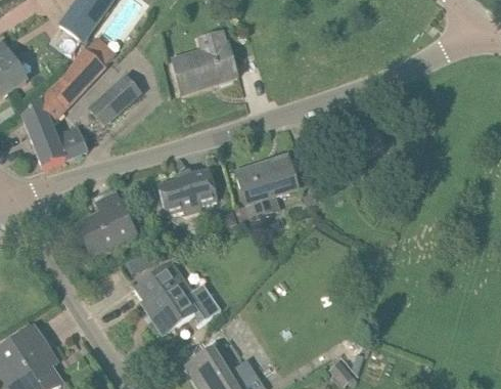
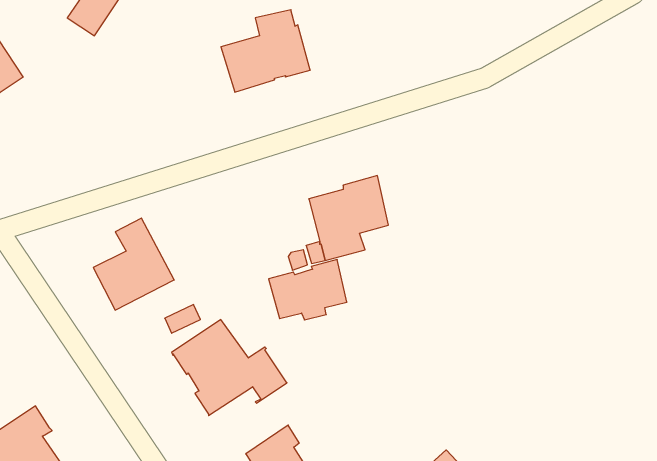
building: [21,36,113,167] -> none
building: [89,74,145,128] -> none
building: [157,169,216,214] -> [269,260,347,320]

